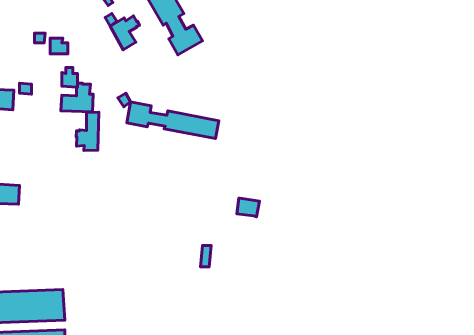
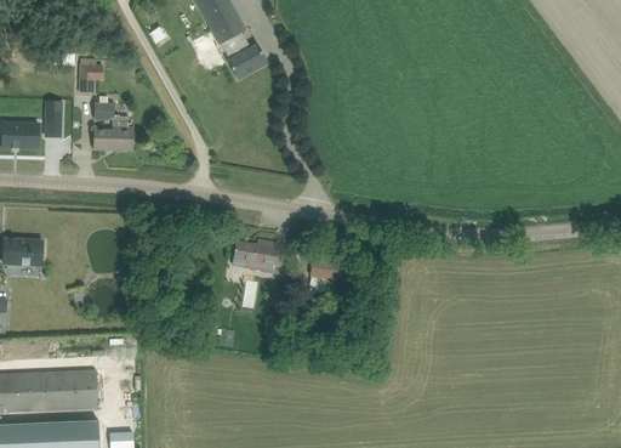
building: [110,16,139,50] -> none
building: [127,102,219,139] -> none
building: [76,112,99,150] -> none
building: none -> [233,239,278,272]

